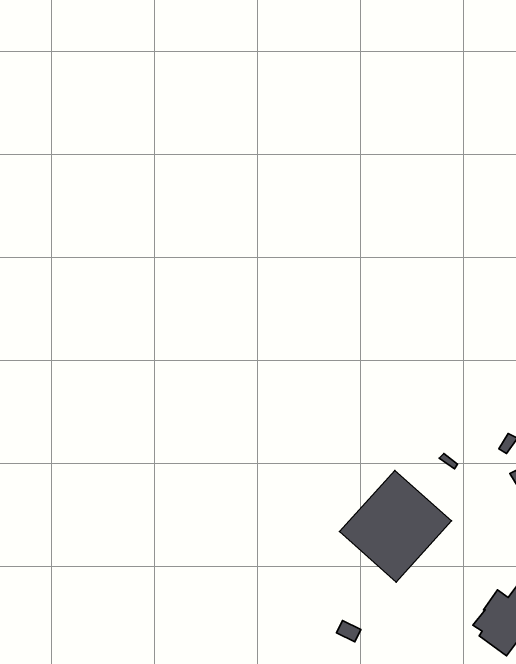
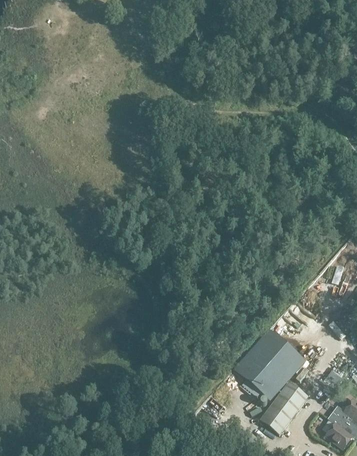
building: none -> [260,381,309,435]

